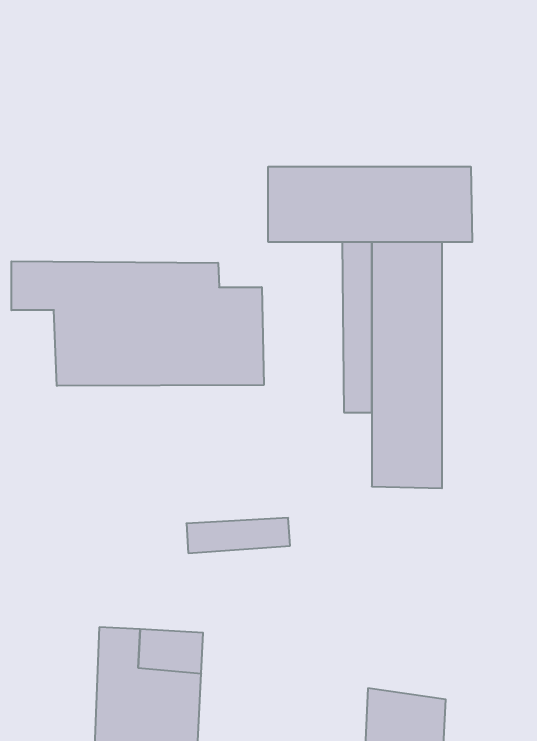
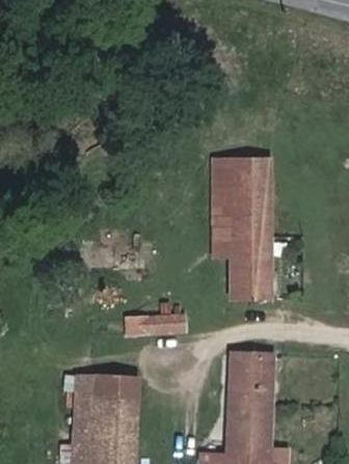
building: [268,167,472,242] -> none
building: [11,261,264,386] -> none
building: none -> [227,353,273,416]

